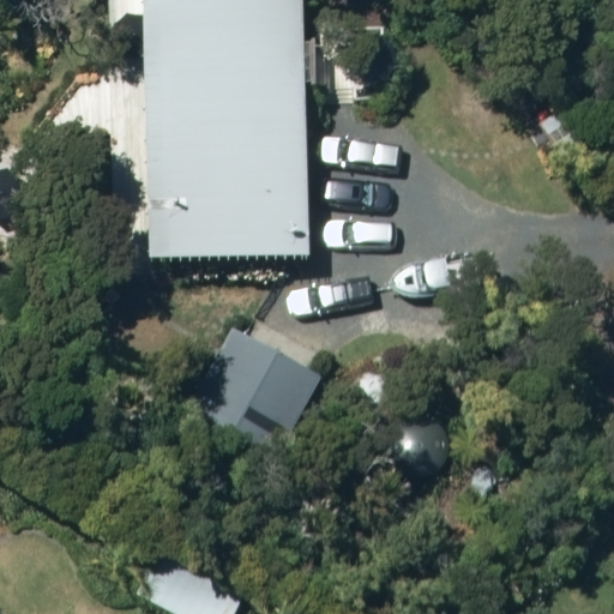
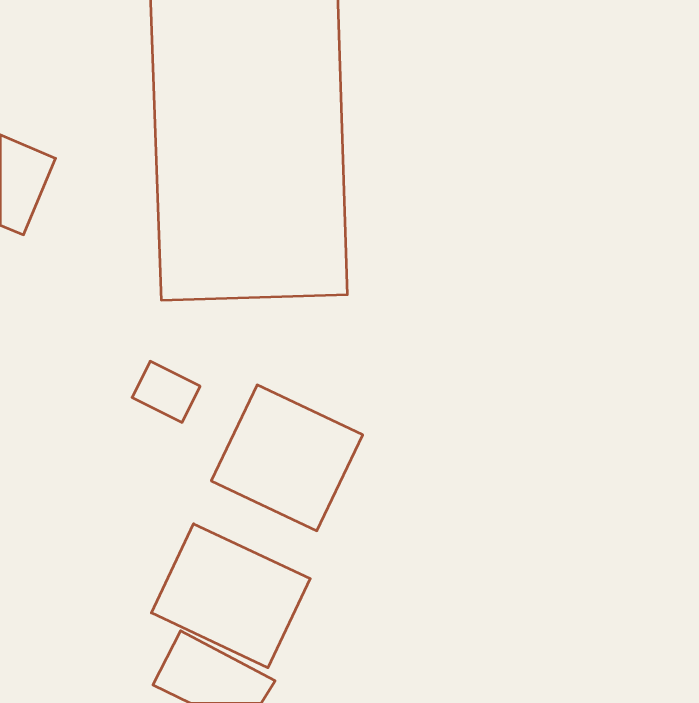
building: none -> [151,524,310,668]

